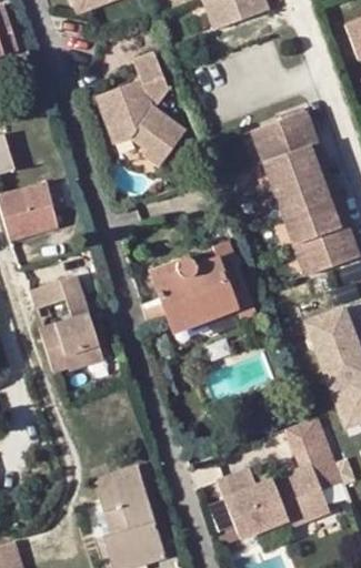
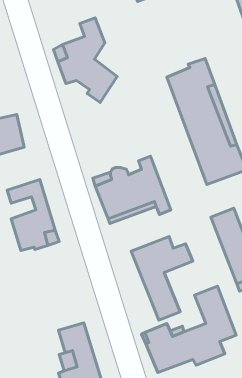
building: none -> [131,237,193,320]

